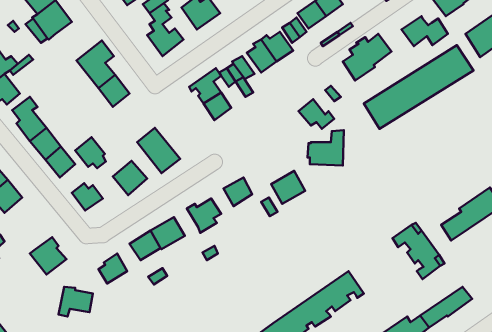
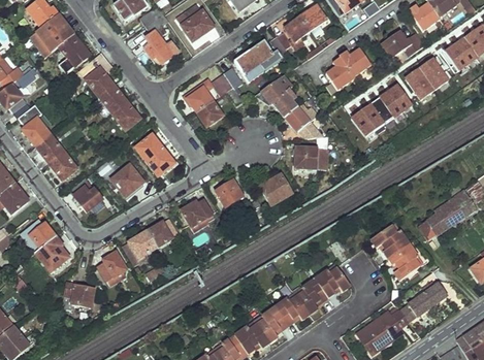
building: none -> [59,35,82,72]
building: none -> [272,84,299,119]
building: [75,137,106,168] -> [112,102,141,131]
building: none -> [21,223,56,248]

